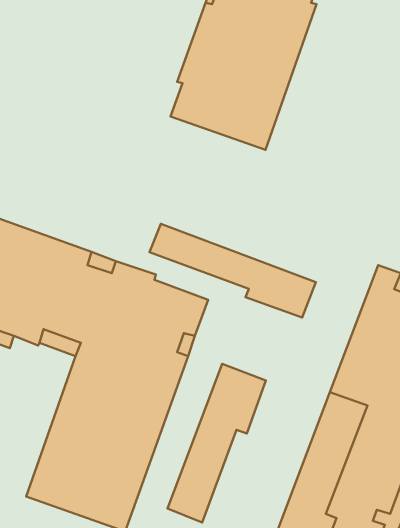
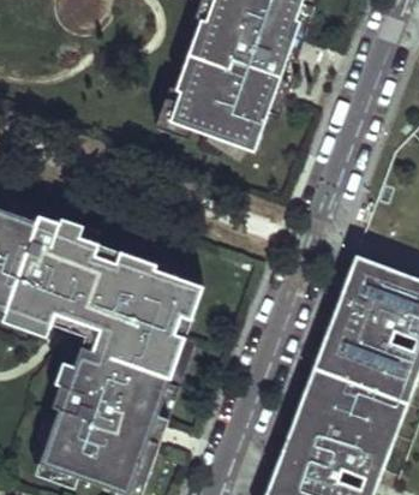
building: [150,224,316,318] -> none
building: [167,364,266,522] -> none

